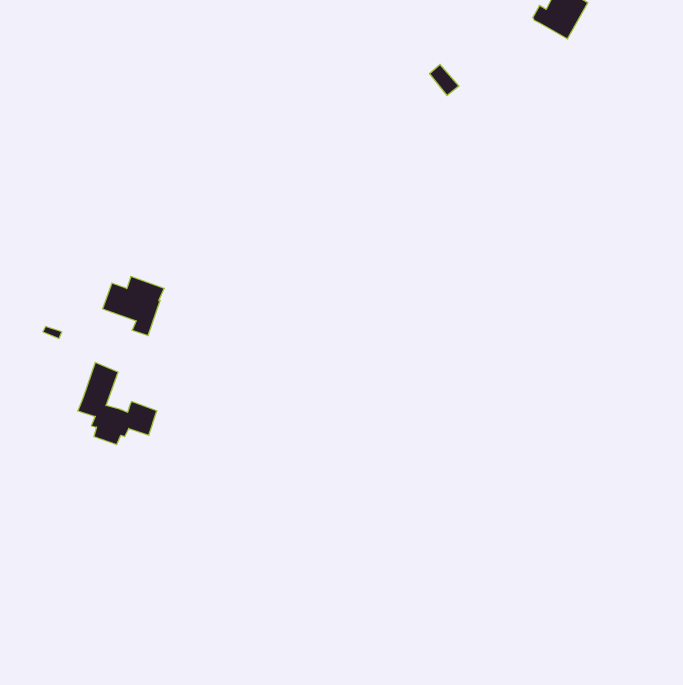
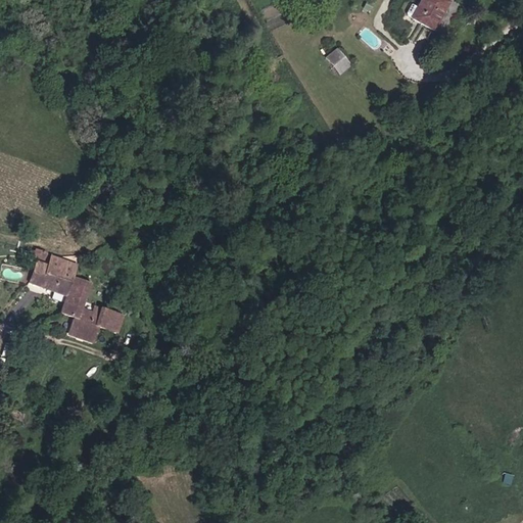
building: [103,276,164,336] -> [31,257,78,302]

